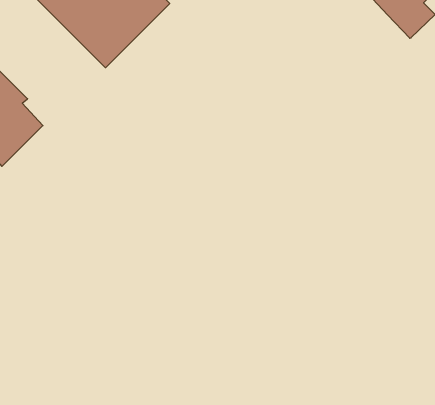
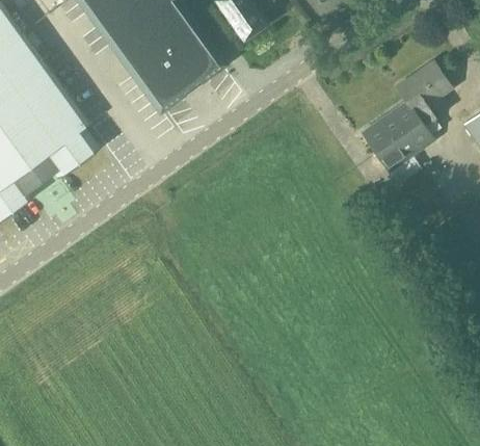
building: none -> [363,102,433,170]

